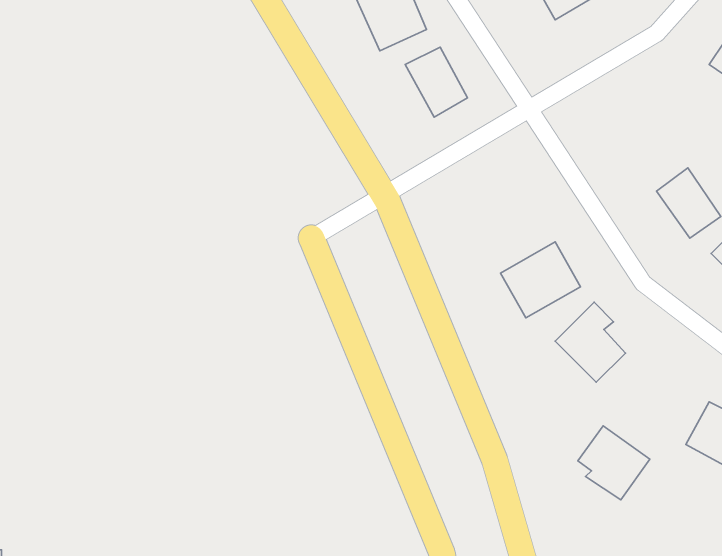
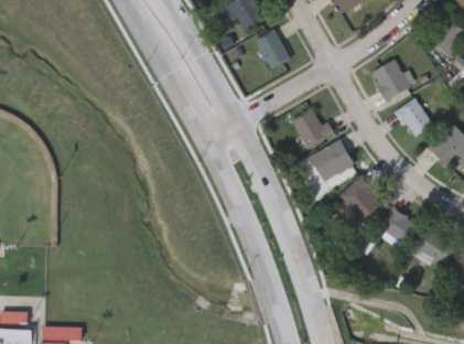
building: none -> [370,57,410,99]
building: none -> [291,108,335,149]
building: [578,426,650,500] -> [377,206,418,248]

